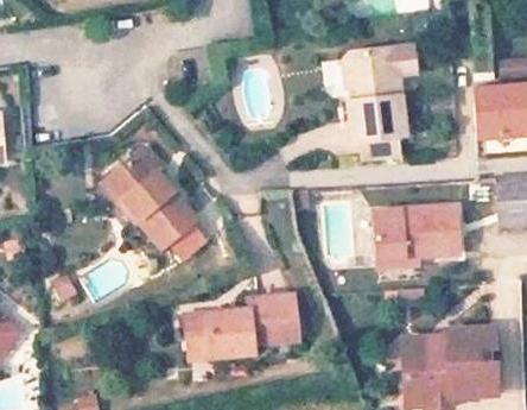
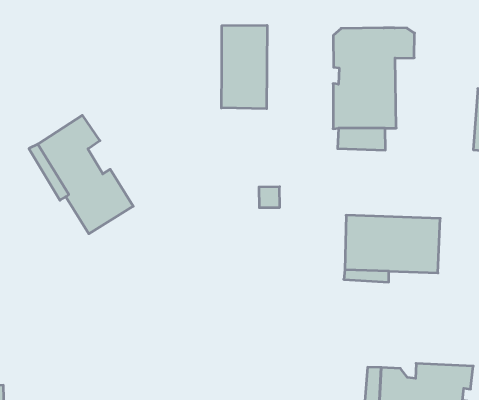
building: none -> [221,25,267,109]
building: [188,299,300,359] -> none

